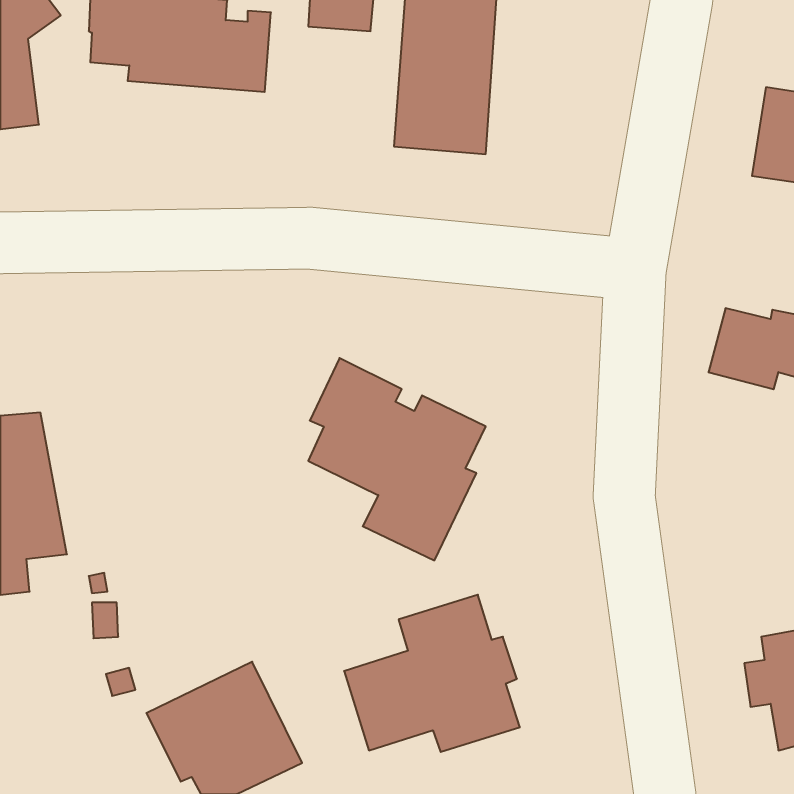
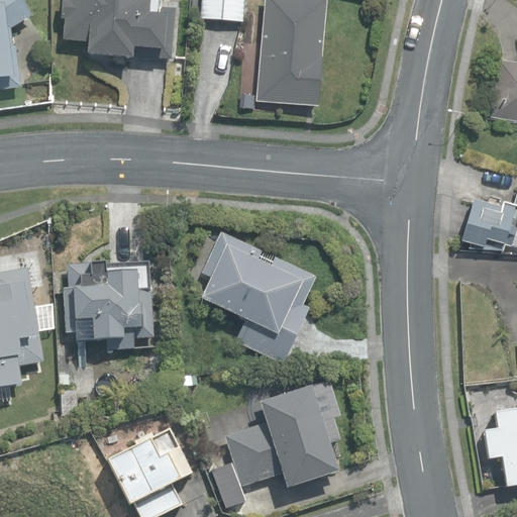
building: none -> [68,261,156,348]

